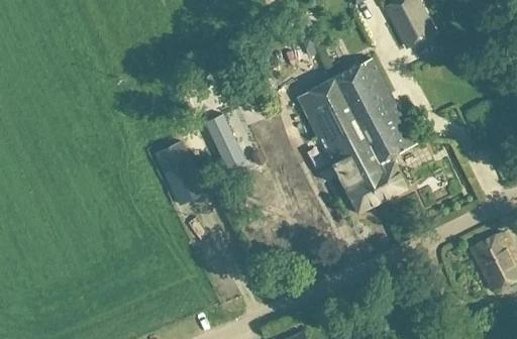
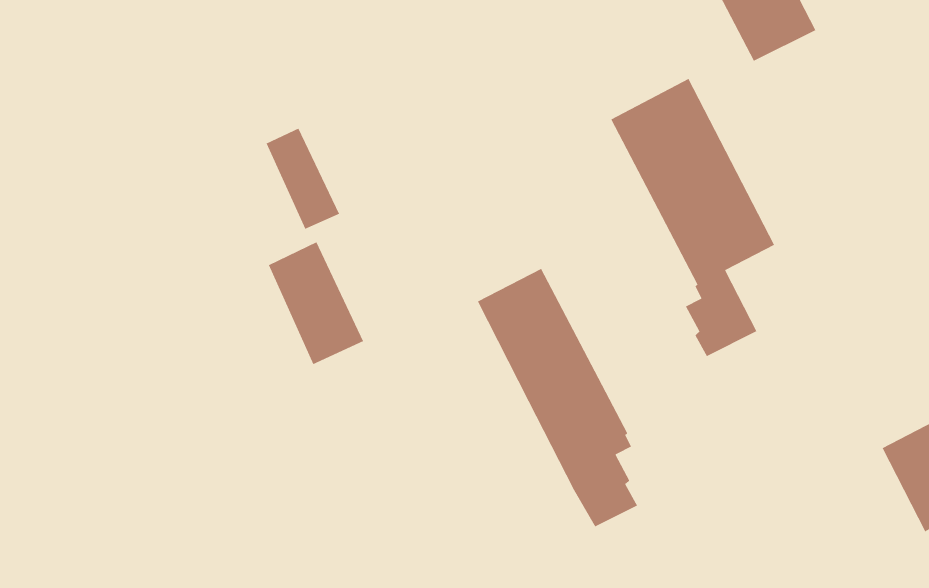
building: [298,79,381,212] -> [477,268,638,528]
building: [206,117,244,170] -> [266,127,340,230]

